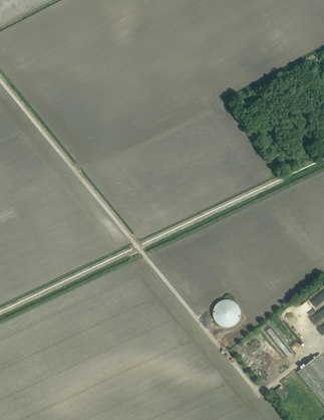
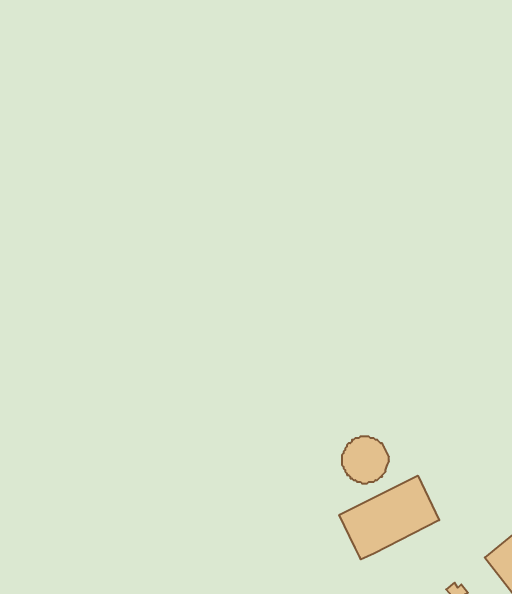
building: none -> [339,476,439,559]

